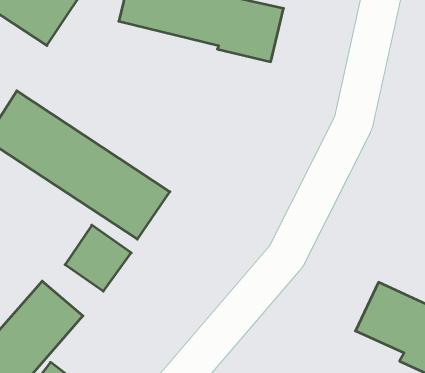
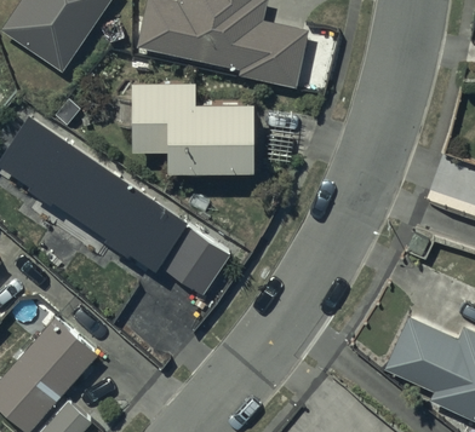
building: none -> [133,82,254,172]
building: [65,225,131,291] -> [164,229,233,298]

